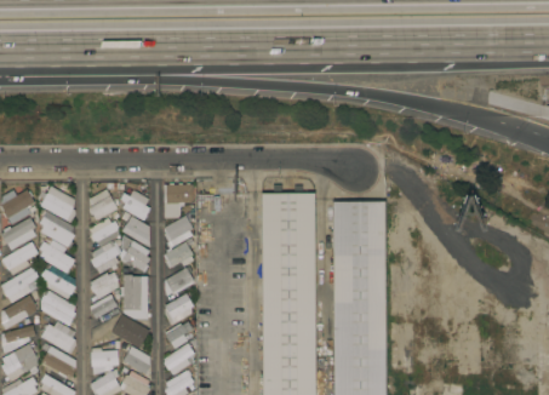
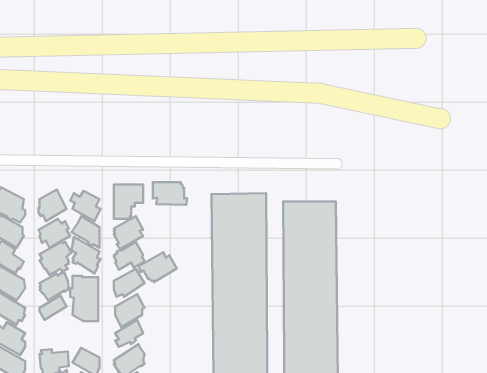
building: none -> [153,182,187,205]
building: none -> [139,252,177,282]
building: [111,314,149,348] -> none

